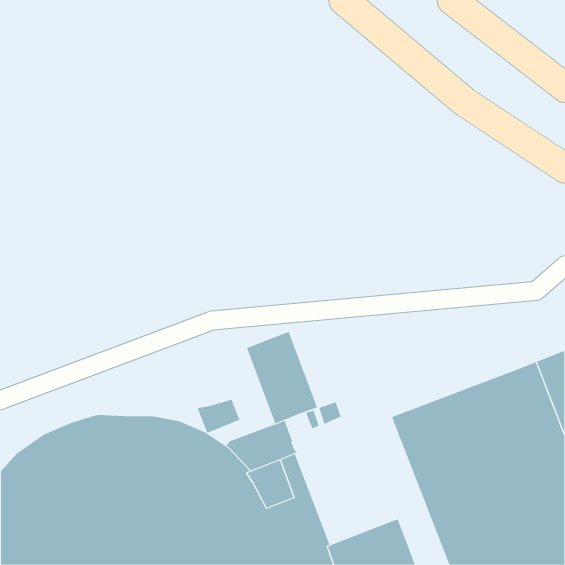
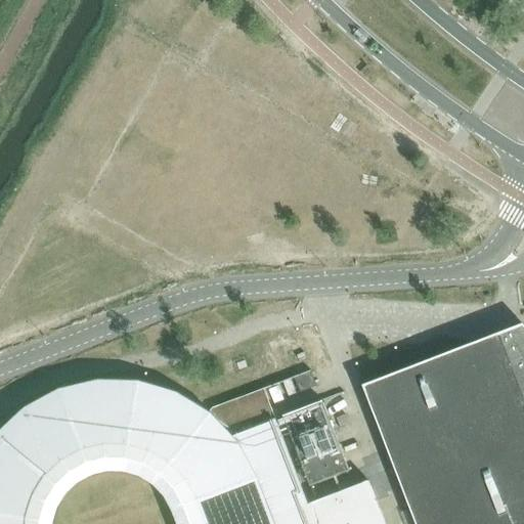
building: [246,331,318,424] -> [282,401,349,487]
building: [197,399,240,433] -> none

